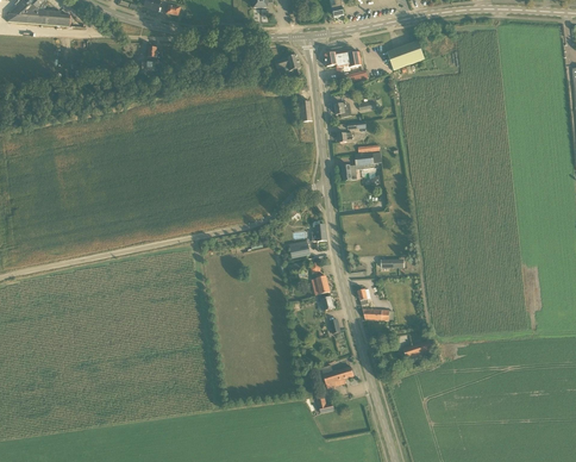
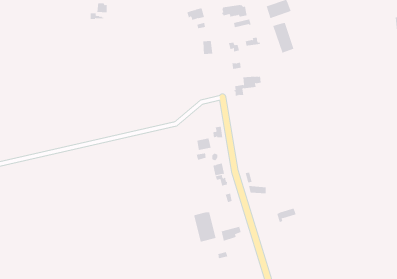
building: none -> [273,22,294,53]
building: none -> [193,211,216,243]

